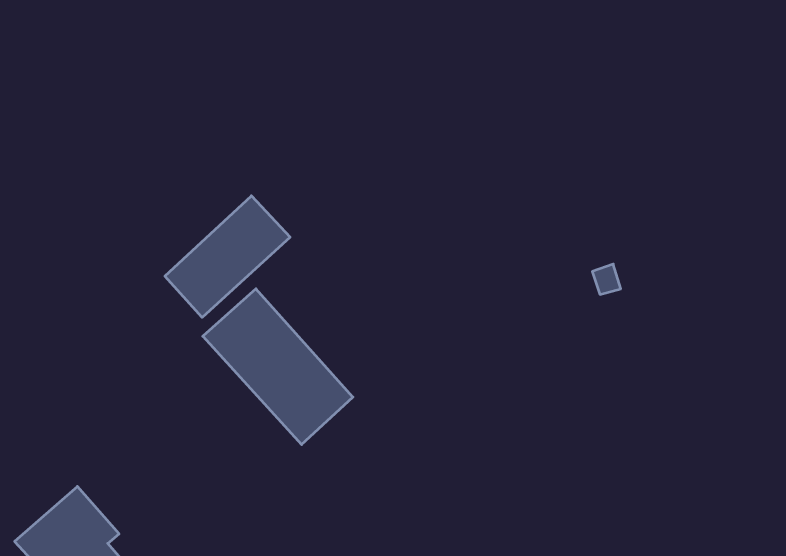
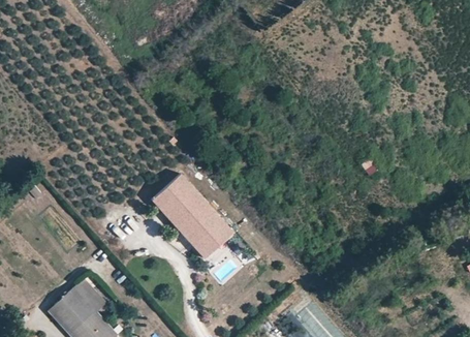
building: [165,196,290,317] -> none

